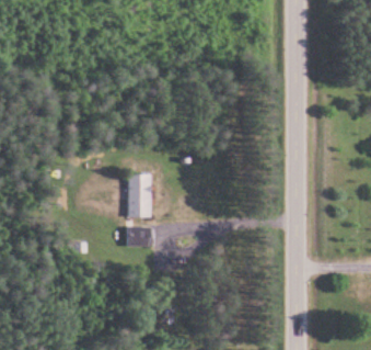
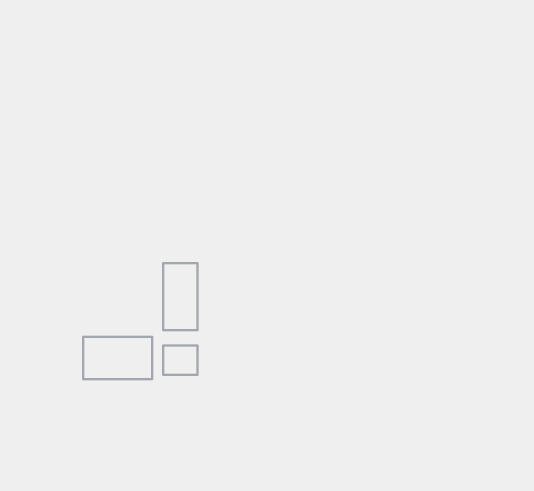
building: none -> [83,337,152,379]

